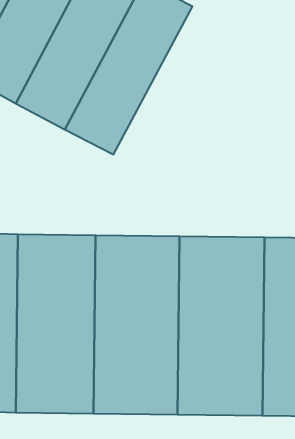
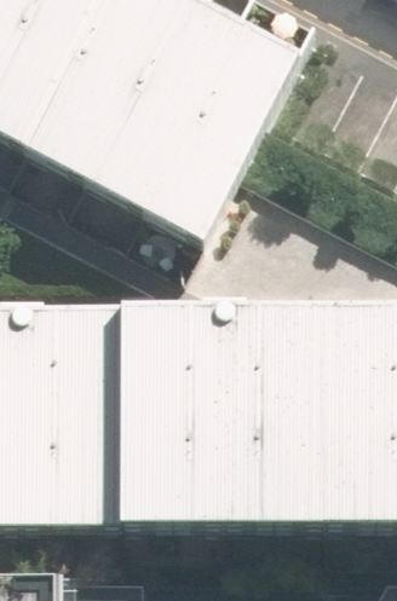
building: none -> [144,27,299,237]

